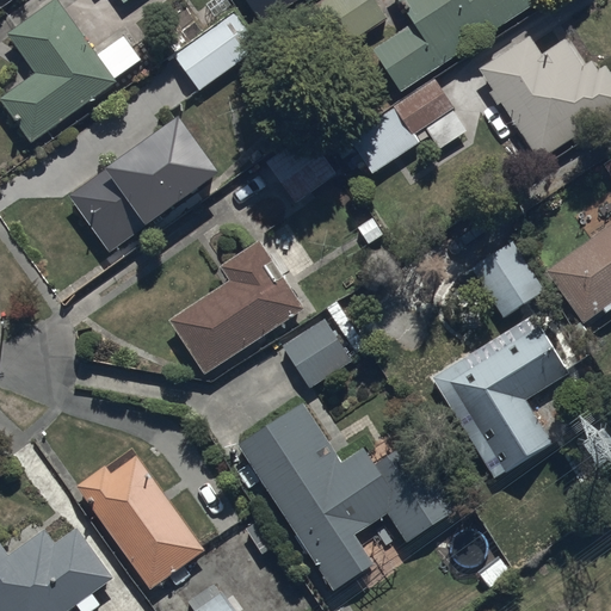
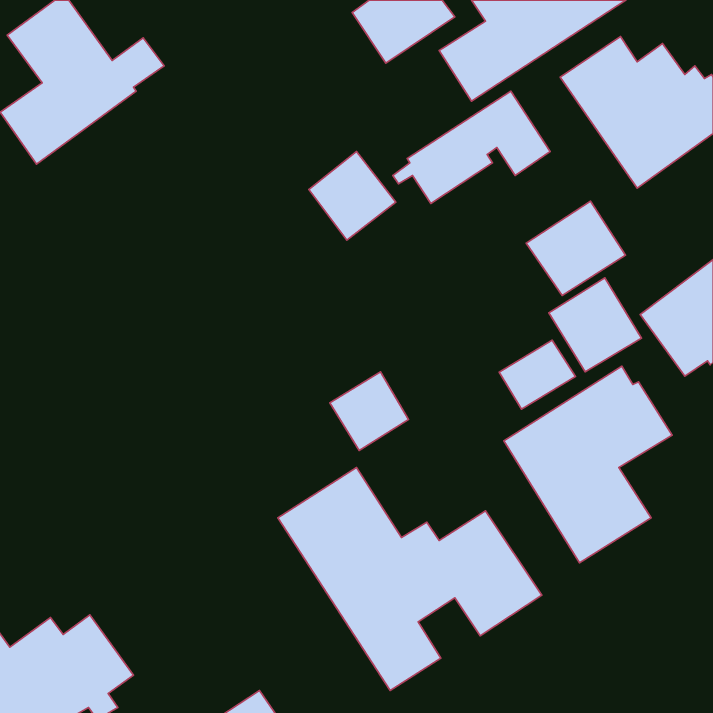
building: [173,14,260,91] -> none
building: [70,110,223,252] -> none
building: none -> [526,201,625,295]
building: [167,239,304,376] -> none
building: none -> [499,340,576,409]
building: [75,455,205,590] -> none

